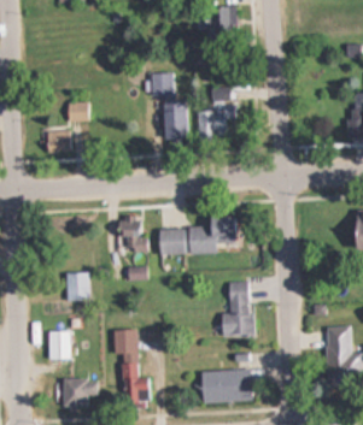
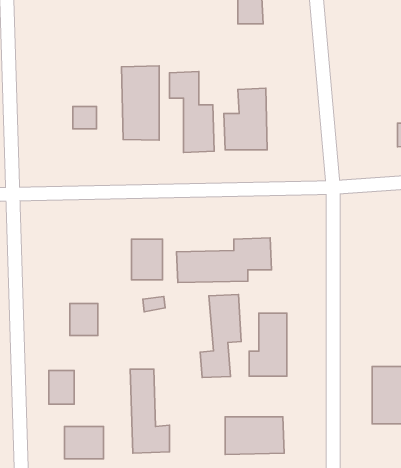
building: none -> [122,66,159,140]
building: [46,129,74,152] -> none
building: none -> [200,294,241,378]

